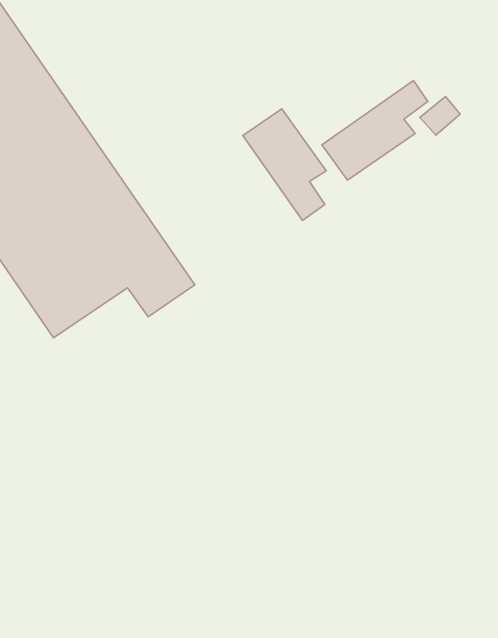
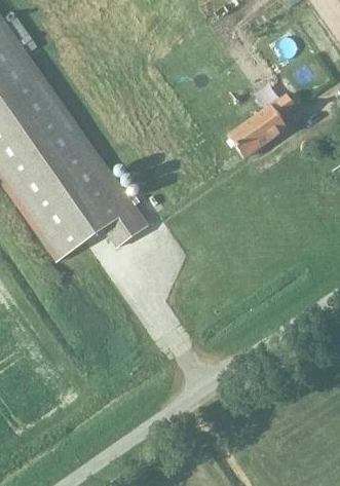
building: [243,109,326,220] -> none

